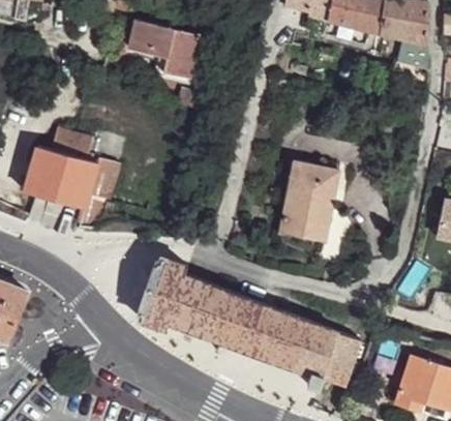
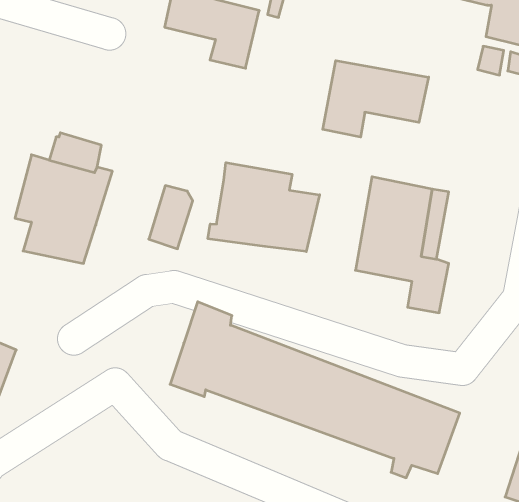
building: none -> [323,61,429,137]
building: none -> [208,163,320,252]
building: [86,157,119,205] -> [149,186,193,249]

